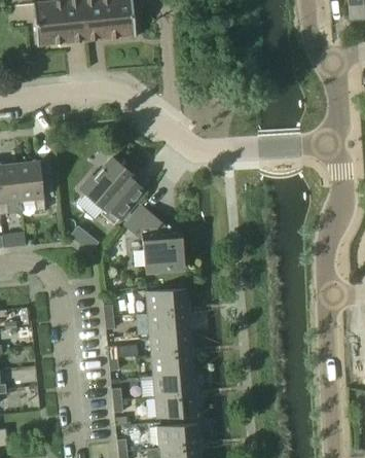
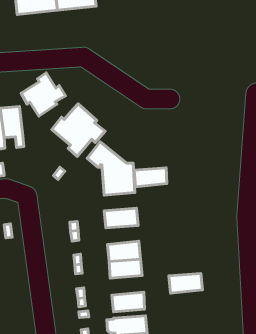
building: none -> [21,73,65,116]
building: [148,310,189,333] -> [134,168,167,187]
building: [153,373,195,397] -> [169,273,203,293]

